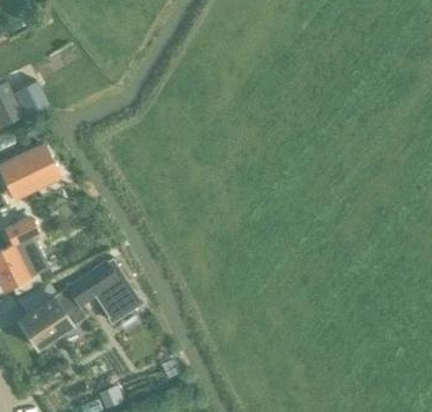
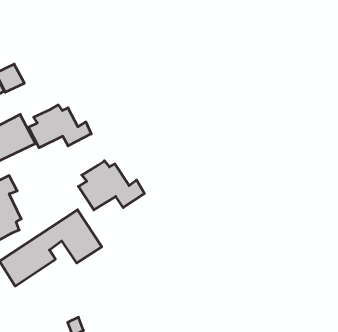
building: none -> [28,105,91,148]
building: none -> [78,161,144,210]

